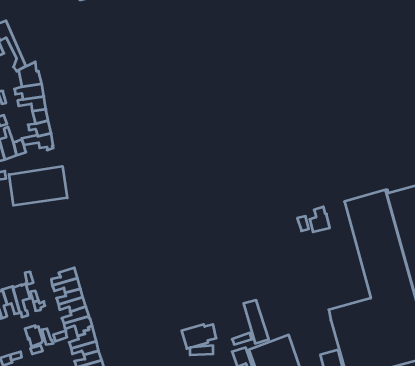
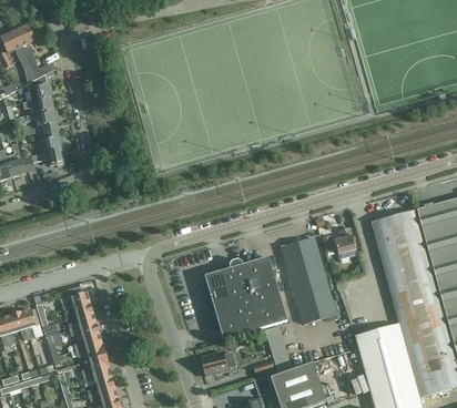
building: none -> [14,23,55,78]
building: [9,166,67,205] -> none
building: none -> [281,236,336,323]
building: none -> [204,256,287,338]

